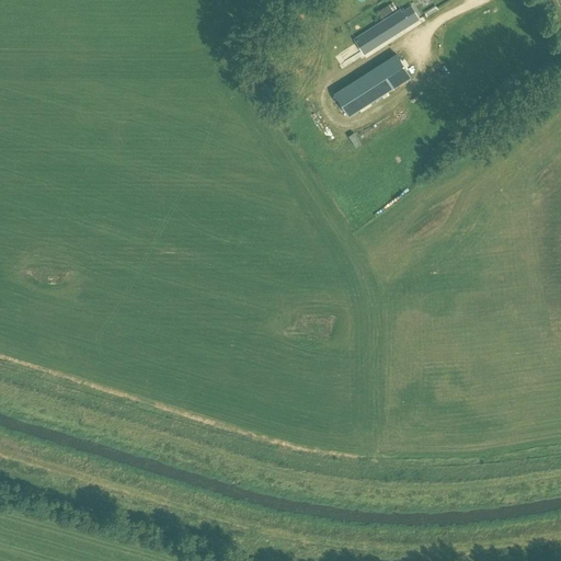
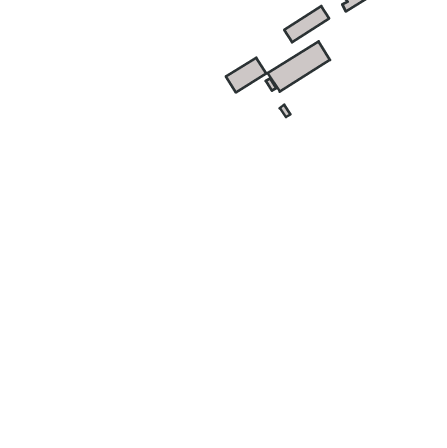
building: none -> [226,58,266,92]

